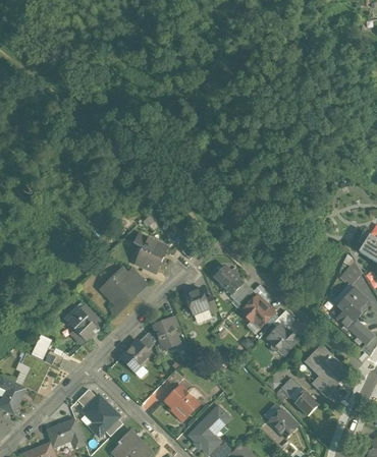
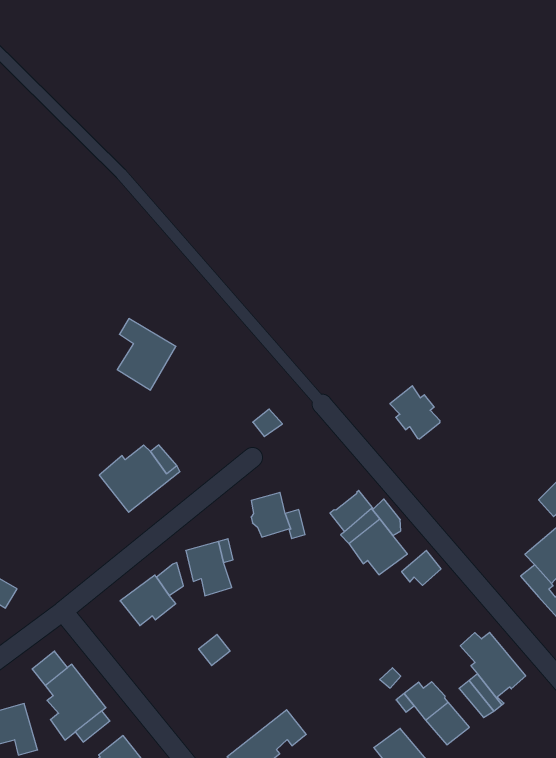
building: [134,235,166,273] -> [117,319,176,390]
building: [214,266,243,294] -> [390,386,440,439]
building: [67,305,103,341] -> none
building: [267,326,297,354] -> none
building: [165,386,199,416] -> none

